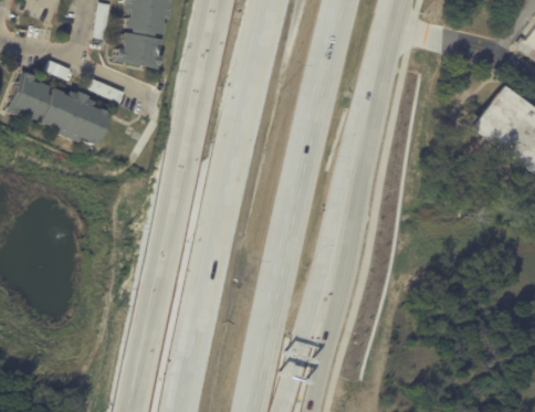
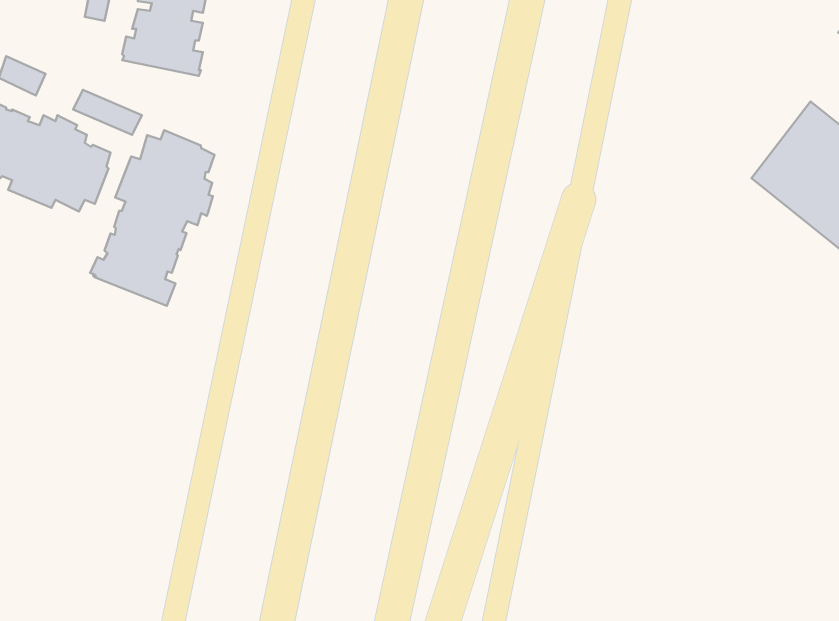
building: none -> [90,130,214,306]

